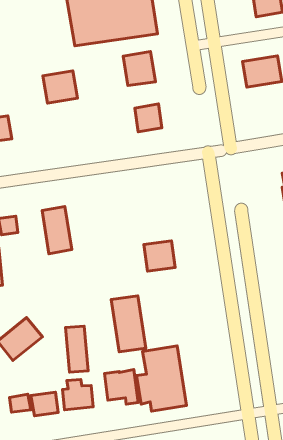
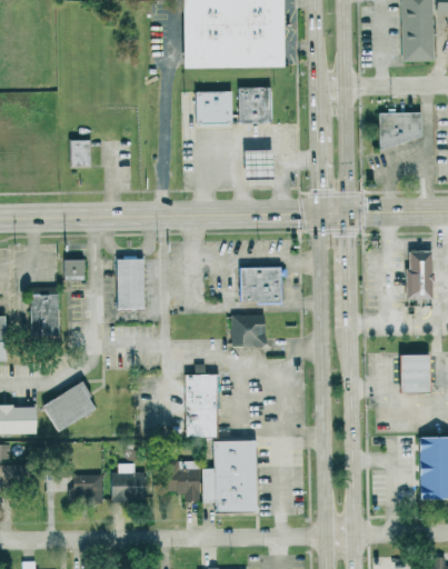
building: [43,71,78,103] -> [195,89,232,123]
building: none -> [240,266,281,302]
building: [65,326,88,372] -> none

